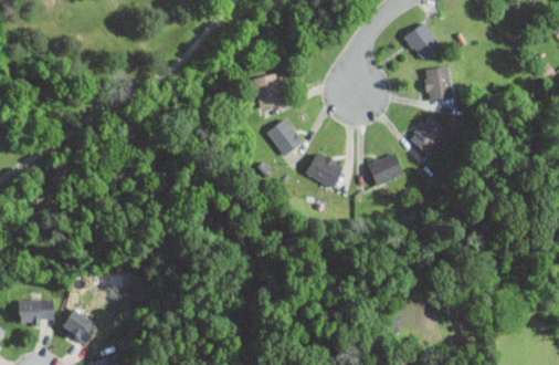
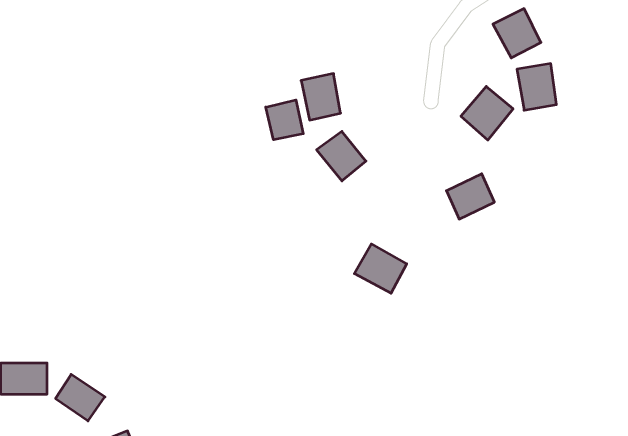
building: none -> [266,100,303,140]
building: [408,114,449,156] -> [461,86,513,140]
building: [304,150,345,189] -> [354,244,407,293]

